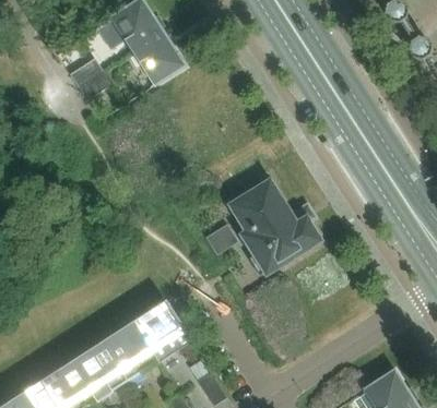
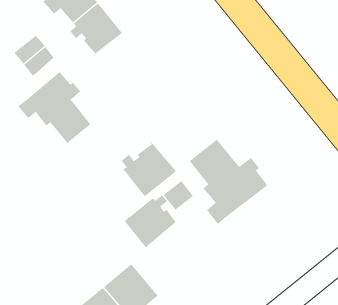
building: none -> [17,71,91,144]
building: none -> [121,140,177,197]
building: none -> [124,195,180,248]

